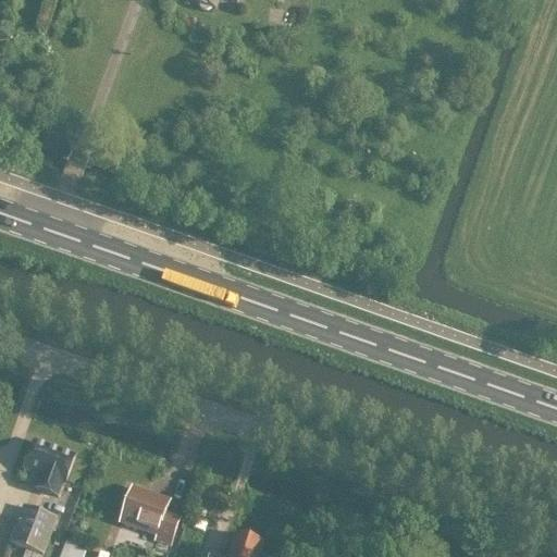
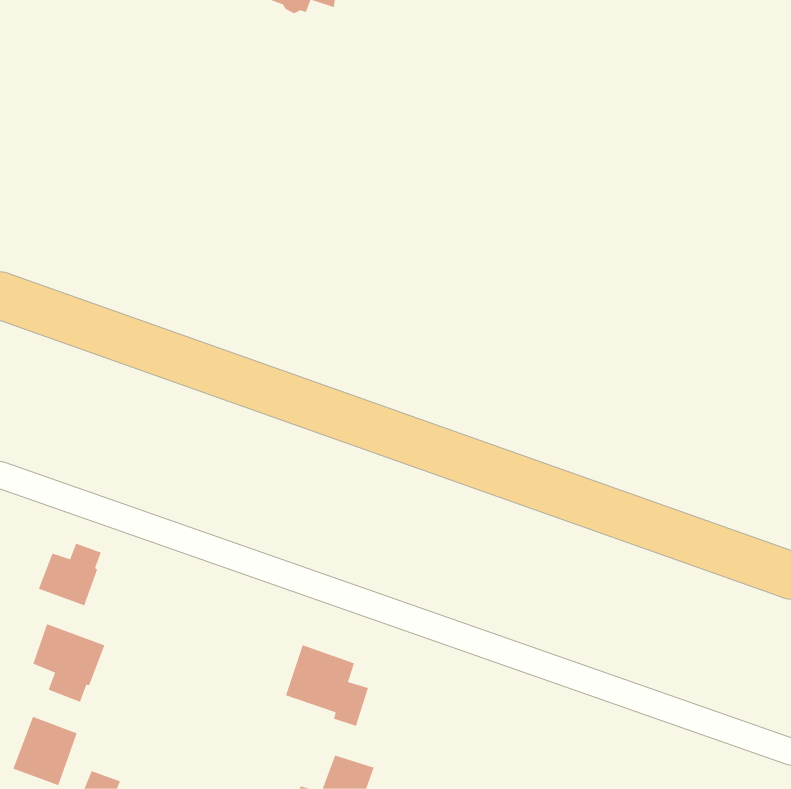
building: none -> [38,543,102,606]
building: [120,486,178,544] -> [285,645,369,727]

